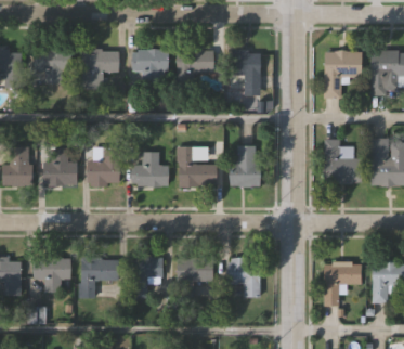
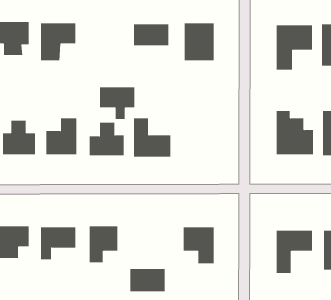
building: [132,50,169,83] -> [99,87,135,120]
building: [231,146,257,186] -> none
building: [178,258,214,282] -> [130,268,166,292]

